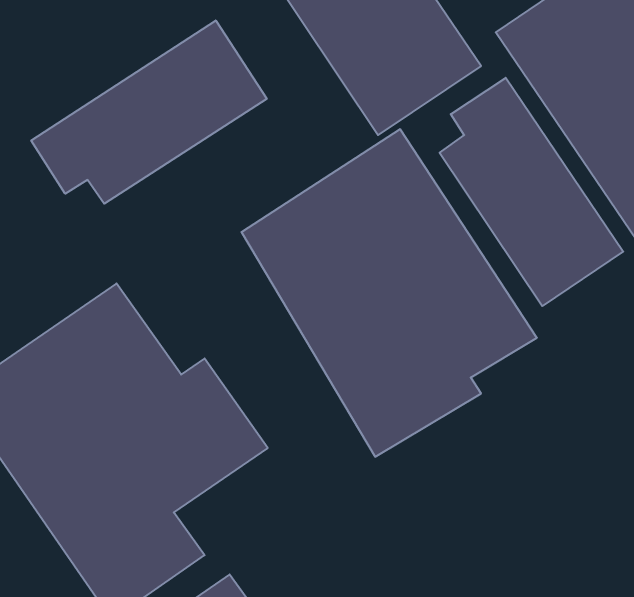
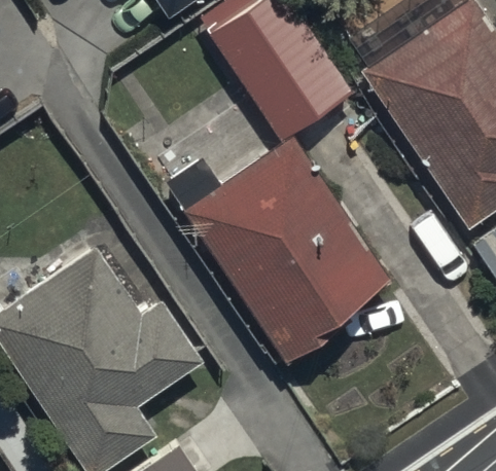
building: [31,20,267,204] -> none
building: [440,78,623,306] -> none

